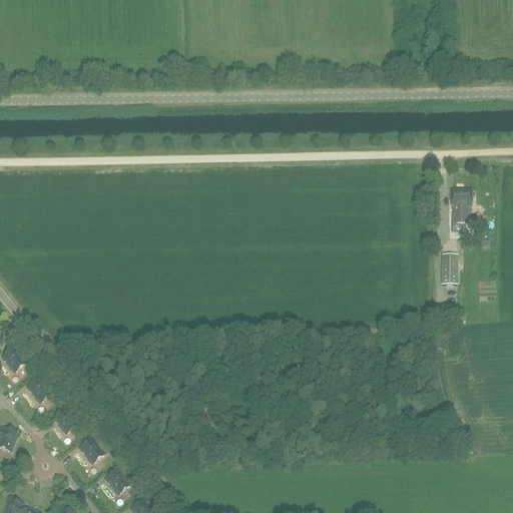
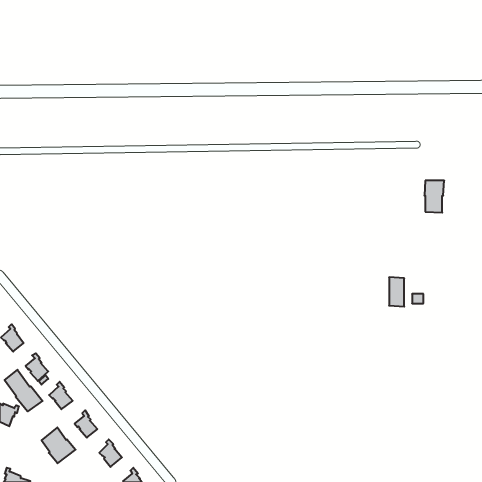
building: [440,254,456,286] -> [389,277,404,307]
building: none -> [5,370,43,411]
building: none -> [42,427,76,463]

